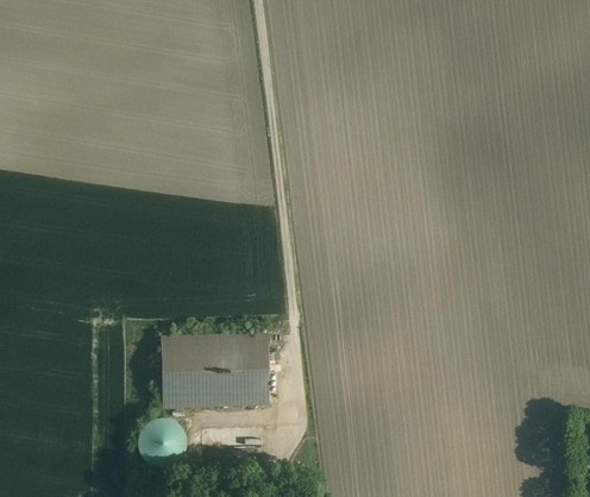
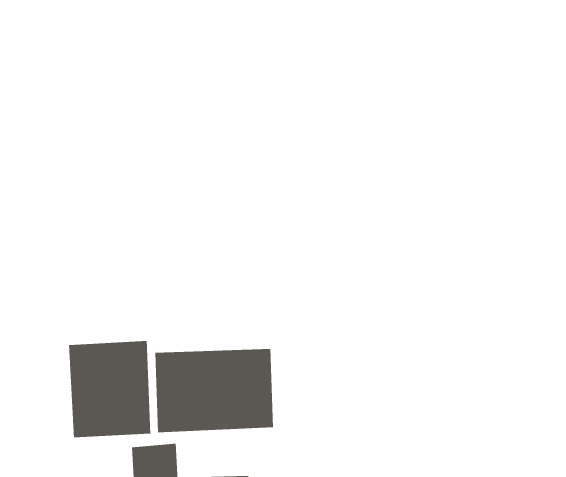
building: none -> [68,340,151,438]

